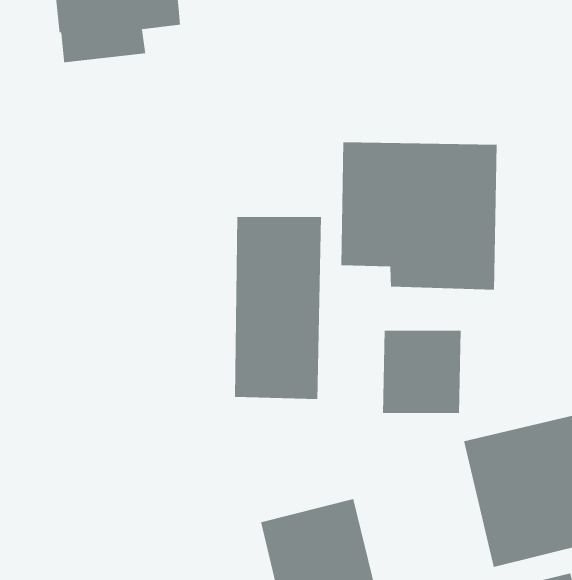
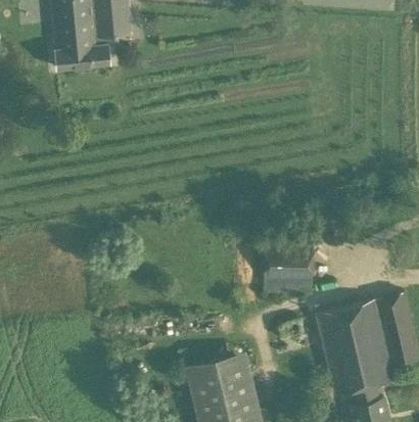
building: [340,142,498,290] -> none
building: [234,216,322,400] -> none

